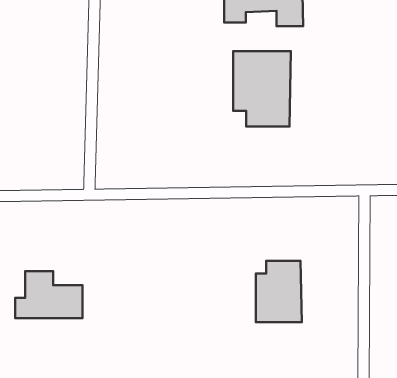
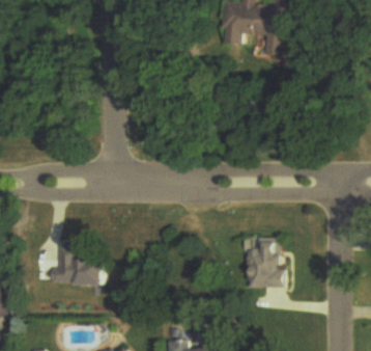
building: [233,51,291,127] -> none

